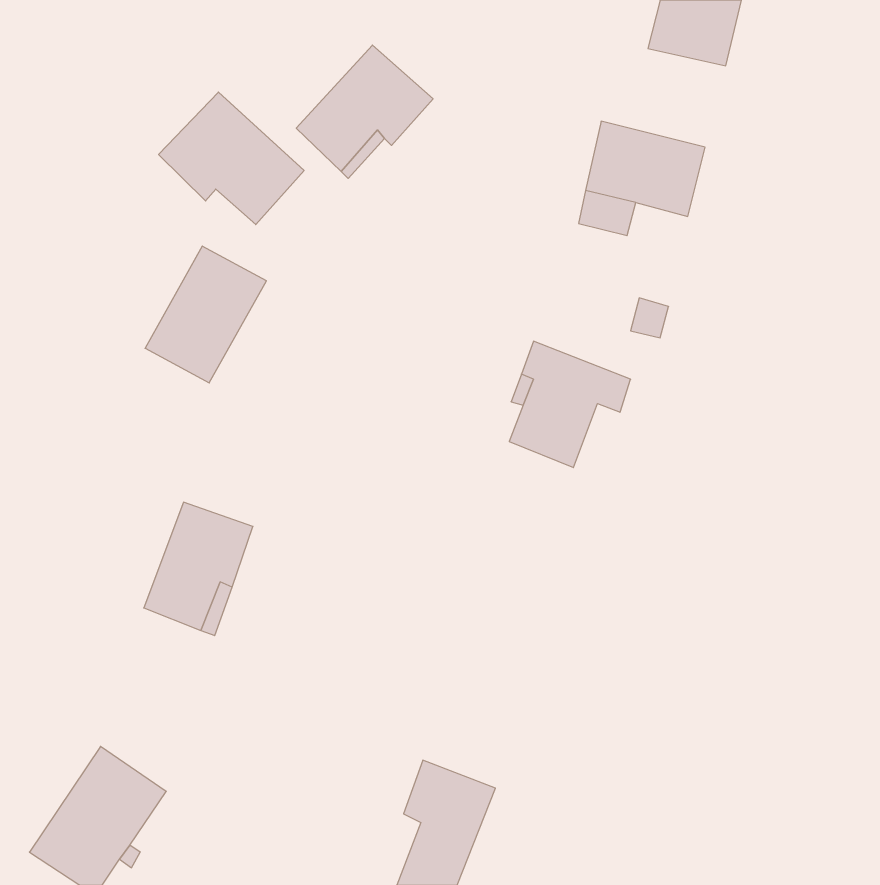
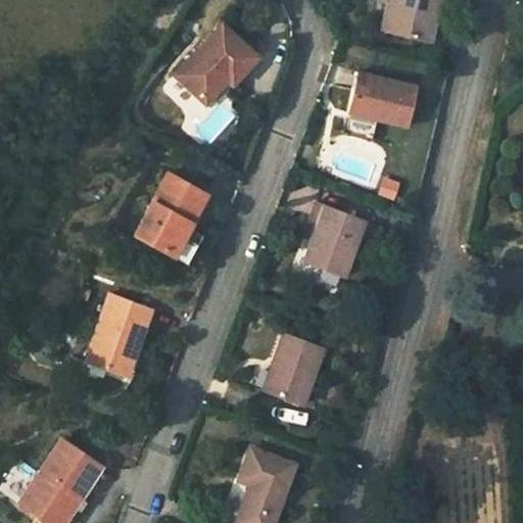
building: [159,92,304,225] -> none
building: [145,246,266,383] -> [137,175,208,255]
building: none -> [265,335,324,402]

